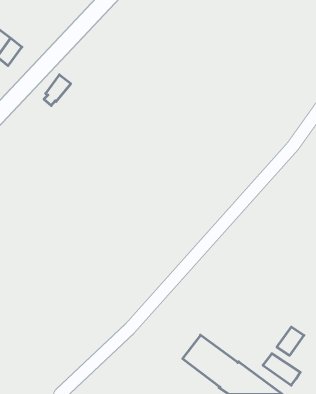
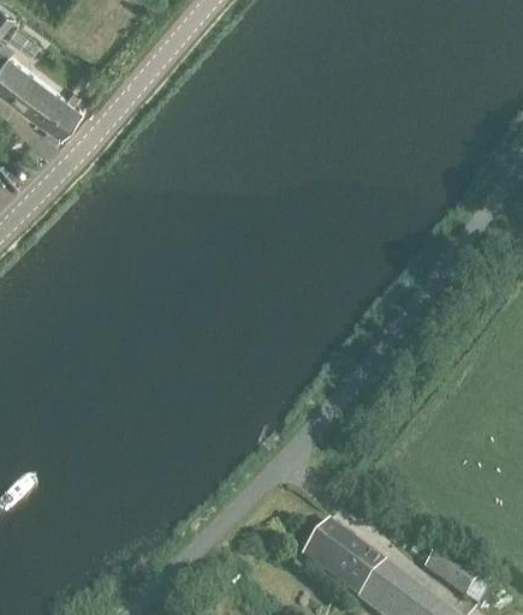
building: [44,75,71,106] -> [46,97,85,143]
building: [277,327,304,355] -> none

